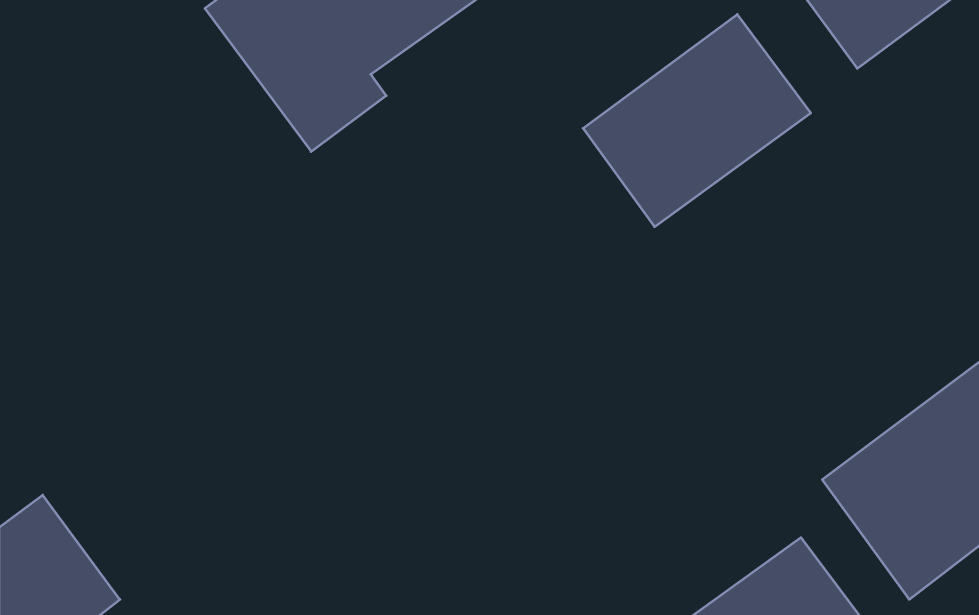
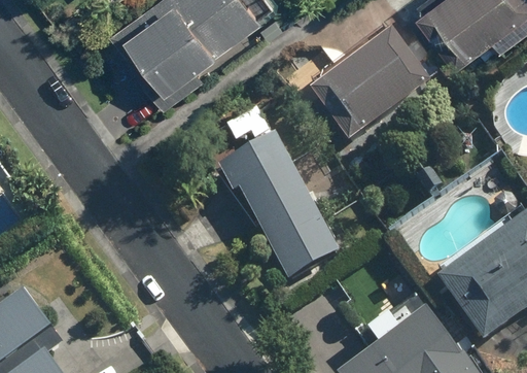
building: none -> [227,141,342,284]

